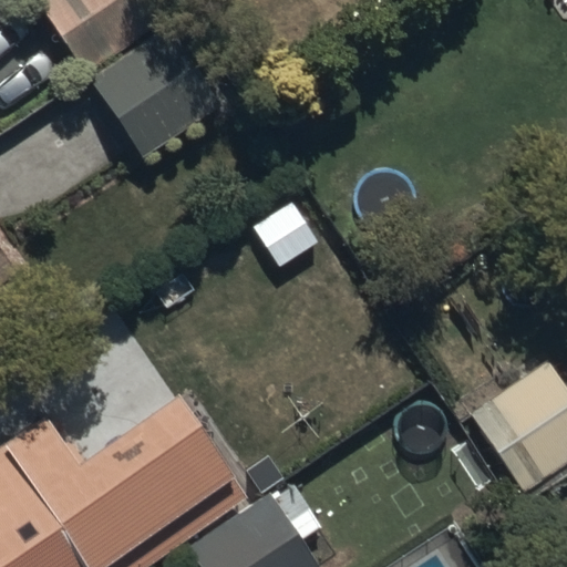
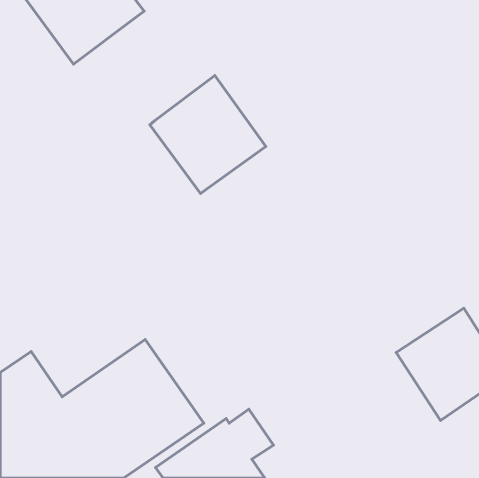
building: [84,22,220,161] -> [150,76,266,194]

